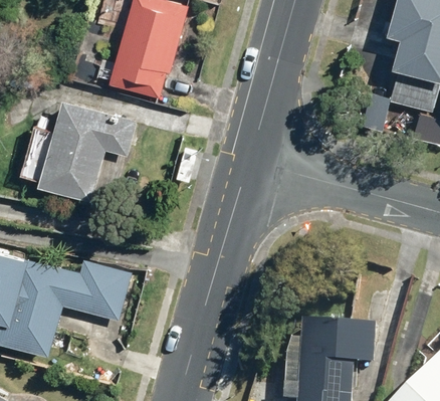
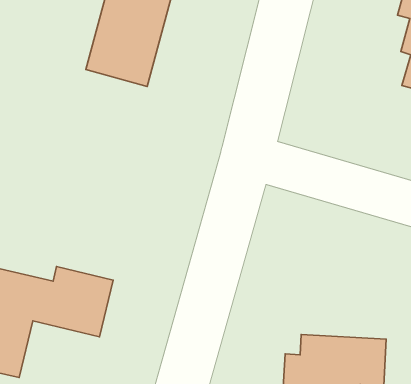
building: [38,102,138,204] -> none

